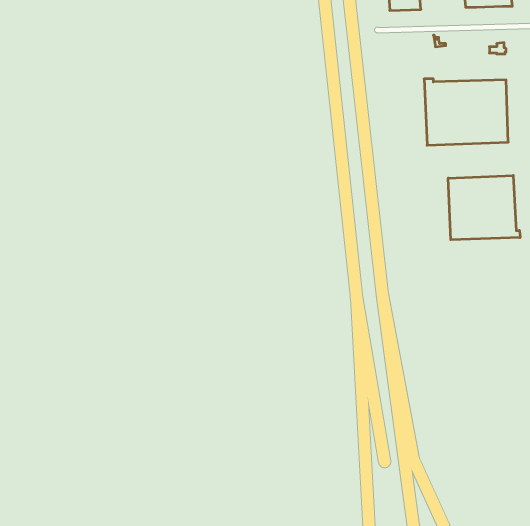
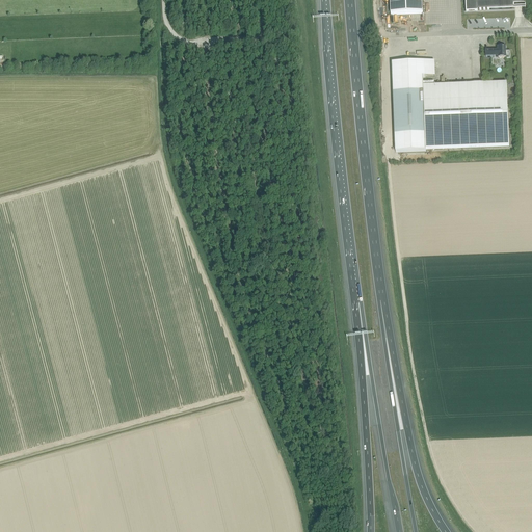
building: none -> [391,58,427,149]
building: [448,175,520,240] -> none

